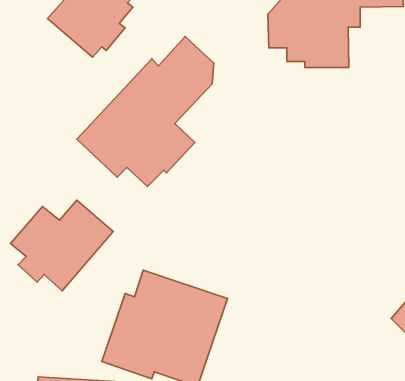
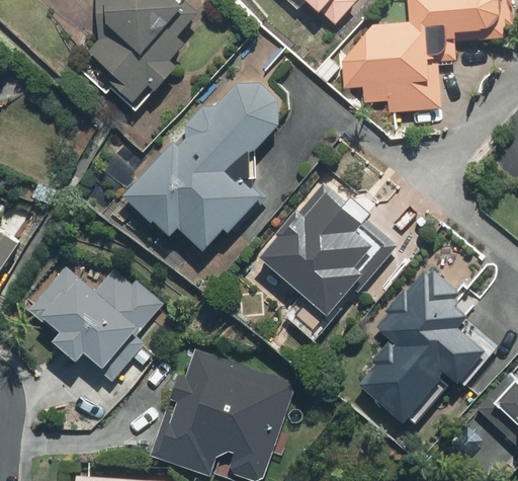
building: none -> [257,183,398,318]
building: none -> [360,267,491,421]

